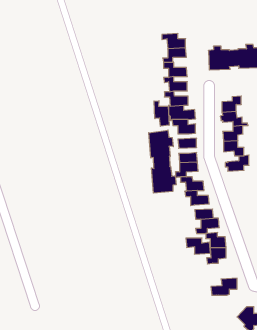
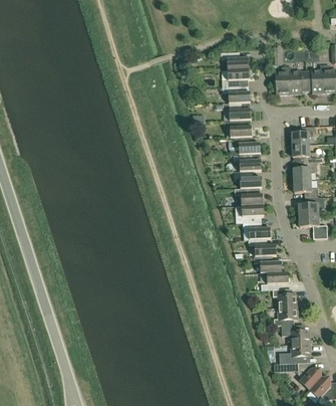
building: [154,101,169,126] -> none
building: [149,130,176,193] -> none
building: none -> [299,213,327,237]
building: [186,238,210,254] -> [281,324,310,343]
building: none -> [298,361,321,388]

